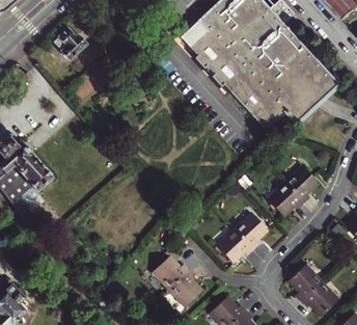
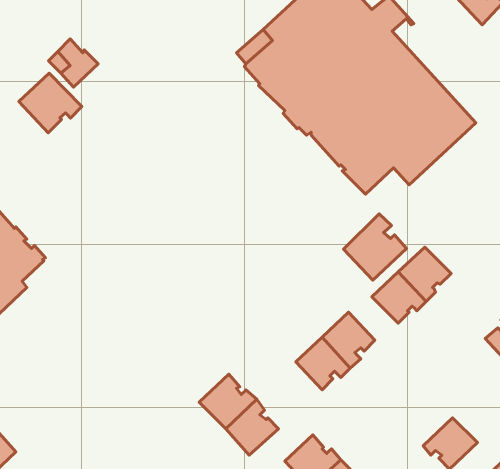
building: none -> [19,73,82,133]
building: none -> [343,214,407,280]
building: [287,262,323,299] -> none

